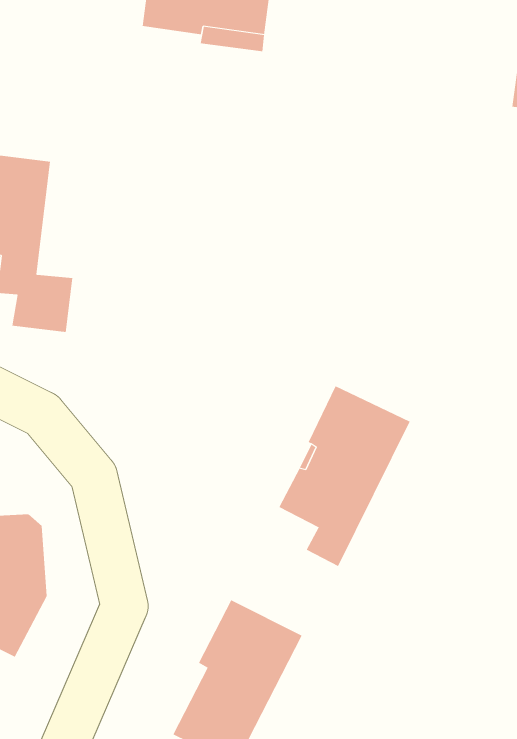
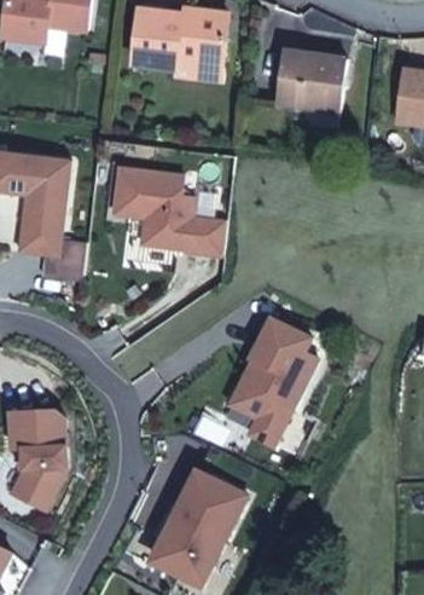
building: none -> [274,51,343,110]
building: none -> [114,167,226,255]

